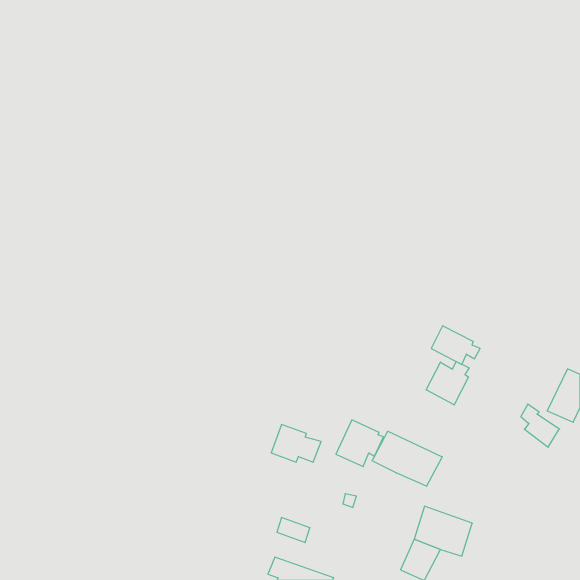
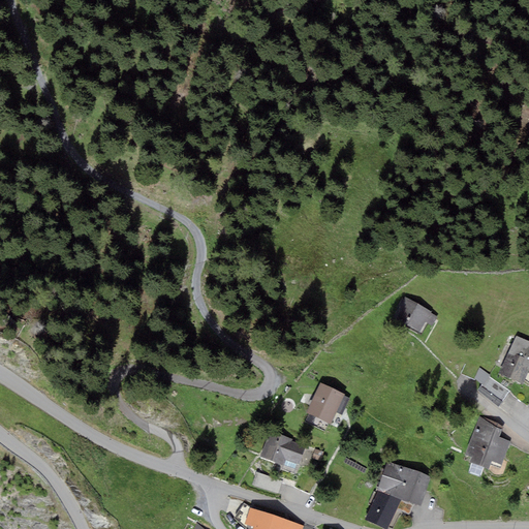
building: [426,361,469,405] -> none
building: [271,425,321,462] -> [260,431,306,465]
building: [372,431,442,486] -> none
building: none -> [465,416,510,468]

